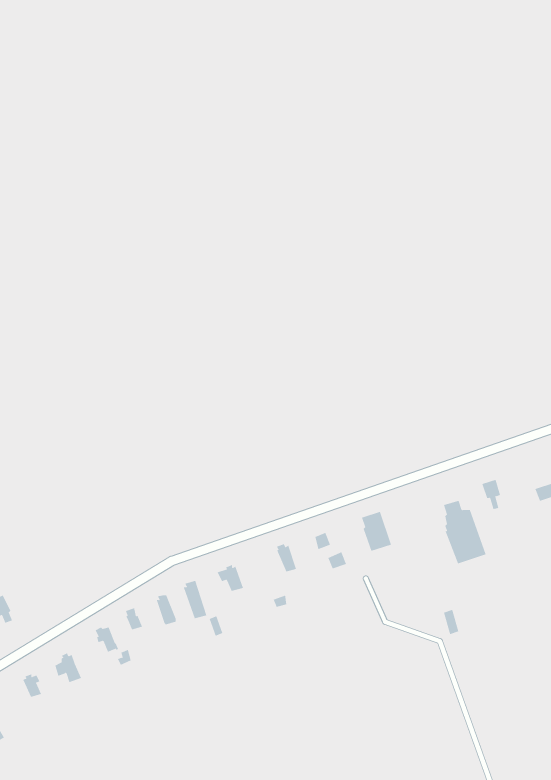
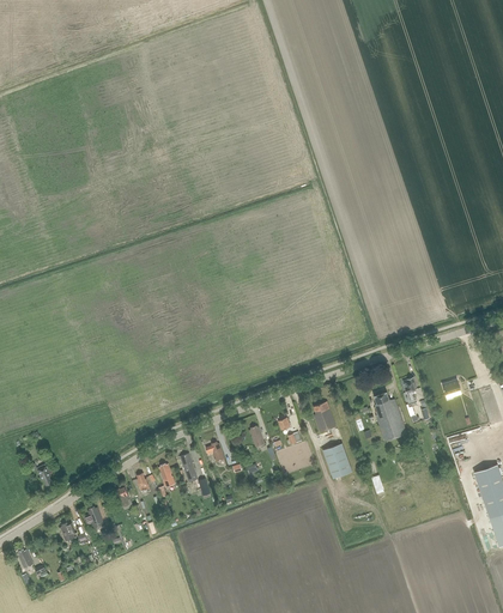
building: none -> [322,443,352,478]

